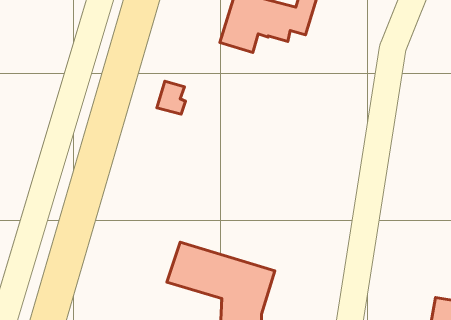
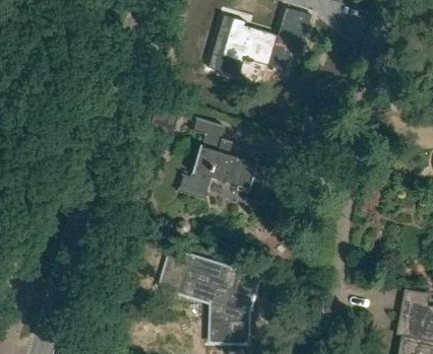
building: none -> [178,117,275,206]

